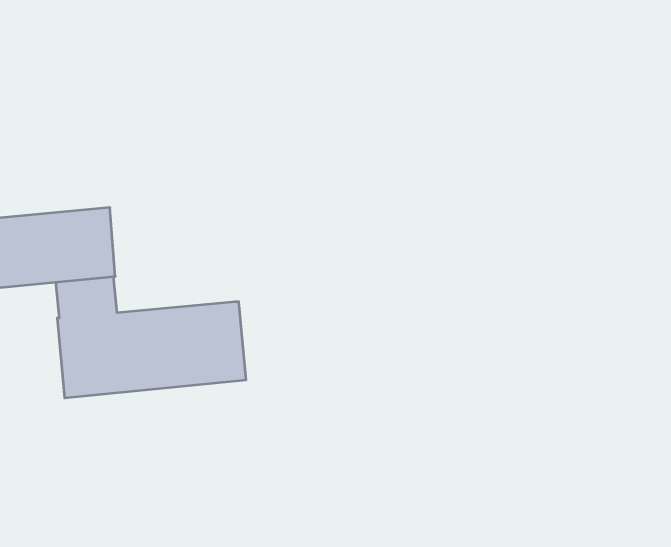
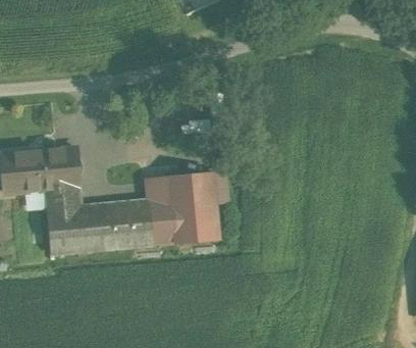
building: none -> [145,172,218,245]

